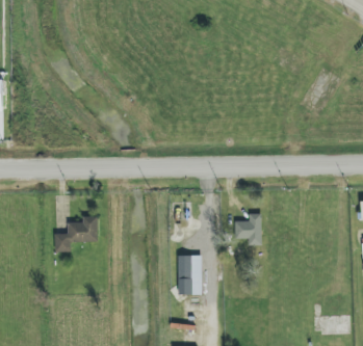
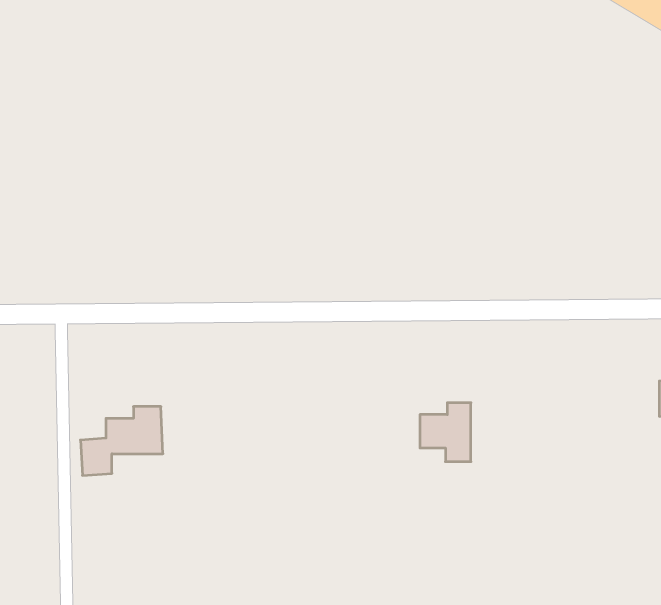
building: [178,255,202,295] -> none

